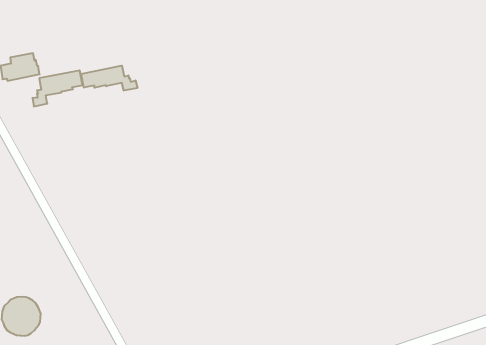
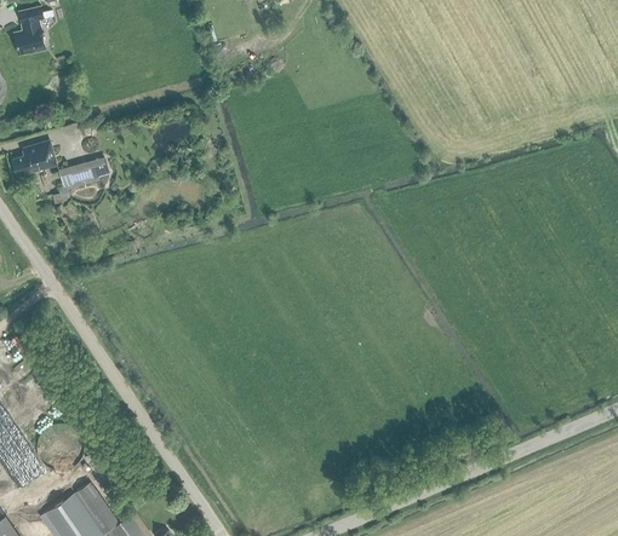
building: [81,66,137,91] -> none

